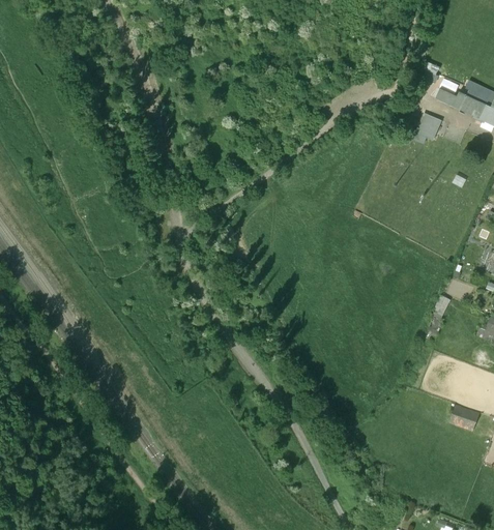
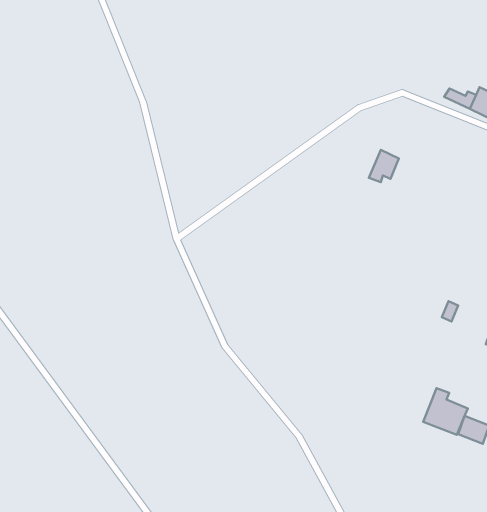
building: [412,112,441,143] -> [369,150,399,182]
building: none -> [423,388,468,435]

